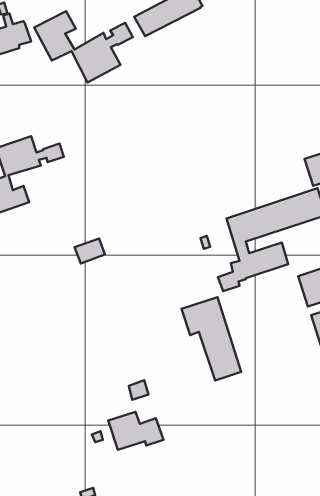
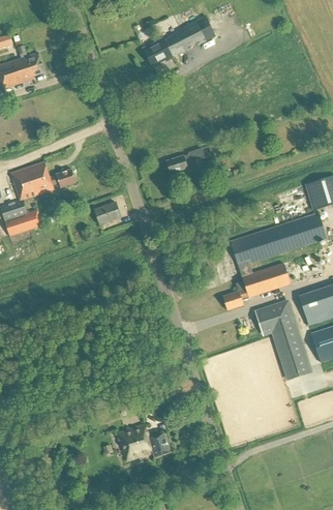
building: [34,11,133,82] -> none
building: none -> [166,148,206,174]
building: [74,238,105,263] -> [92,202,121,226]
building: [182,297,241,381] -> [254,300,311,380]

